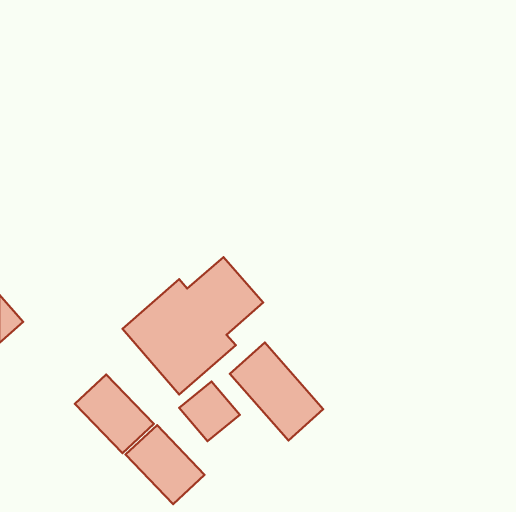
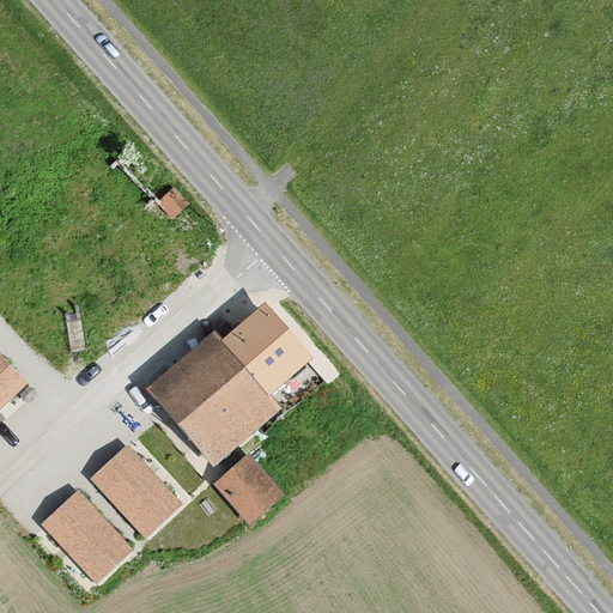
building: [230,342,323,441] -> none
building: [126,425,205,504] -> [40,488,133,582]

